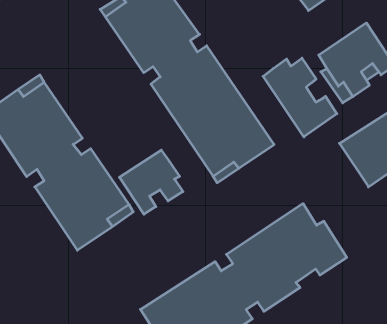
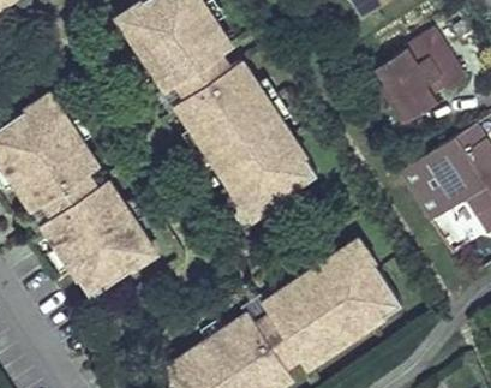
building: [263,58,337,137] -> none
building: [119,150,183,214] -> none

